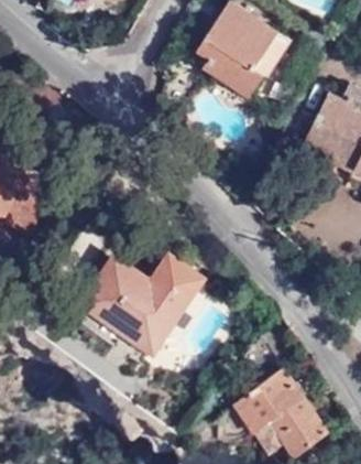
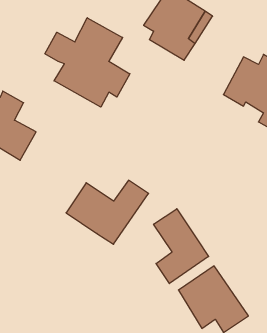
building: none -> [45,18,130,107]
building: none -> [154,209,209,284]

